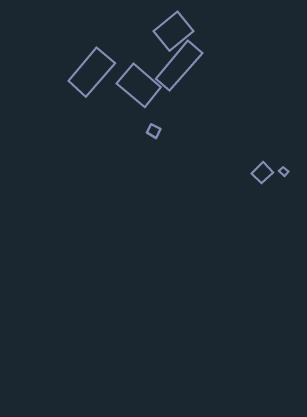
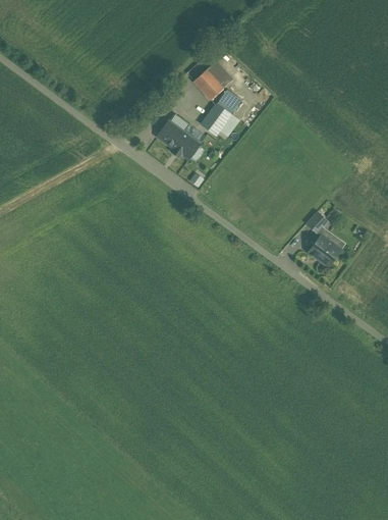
building: [68,47,115,97] -> none
building: none -> [308,233,341,266]

